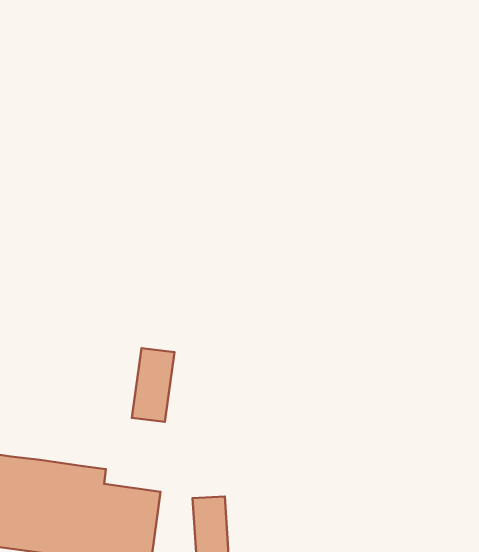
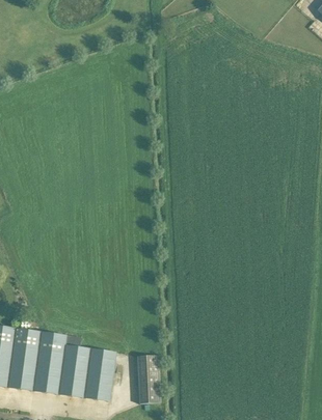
building: [132,348,175,422] -> none

